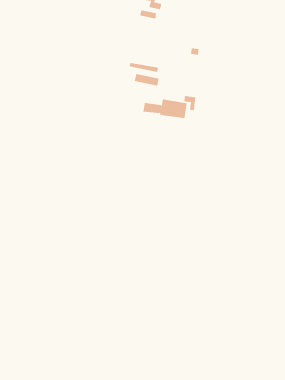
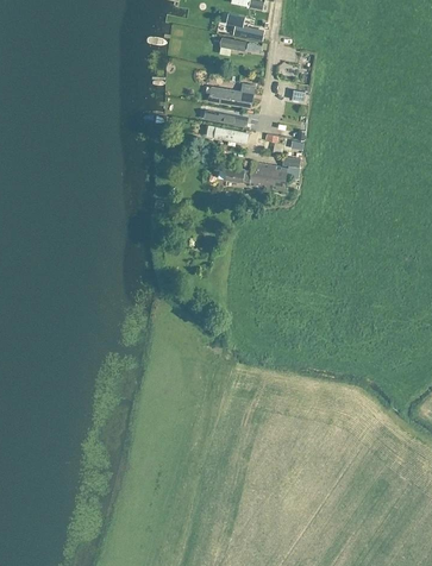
building: none -> [205,83,251,106]

